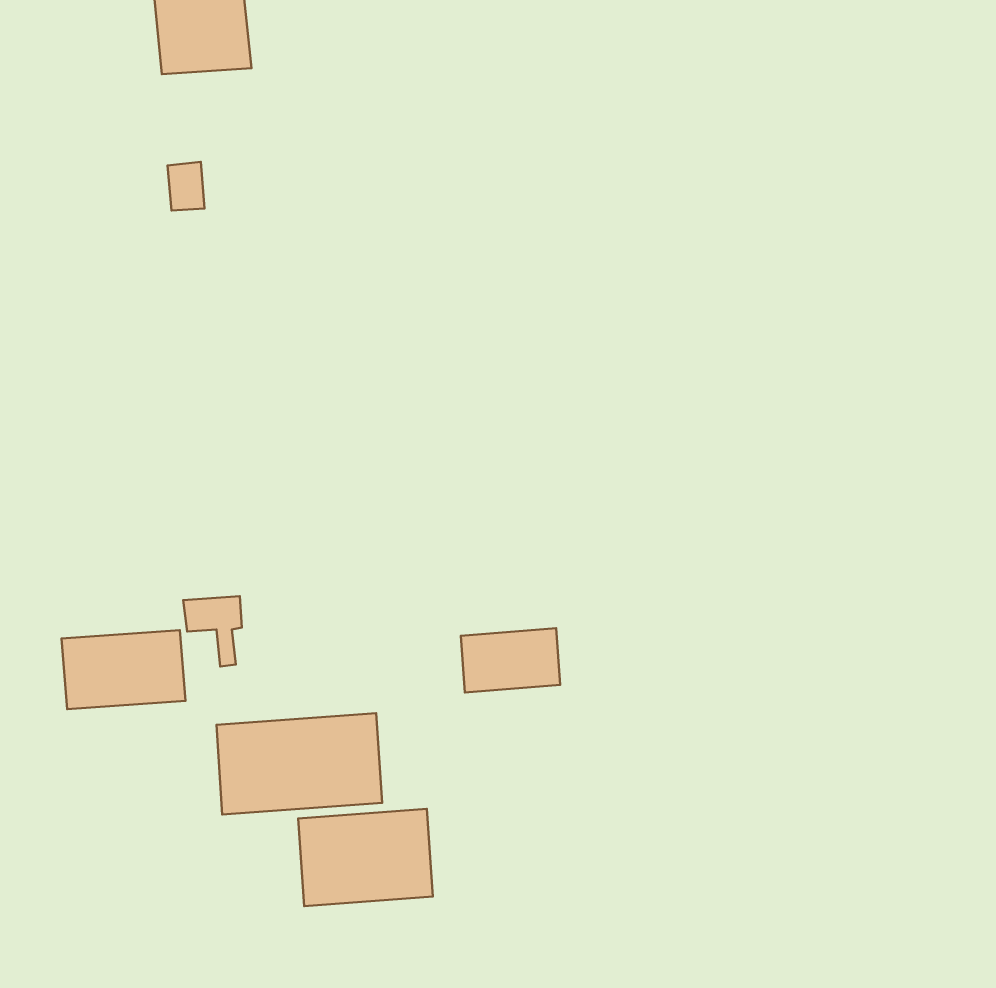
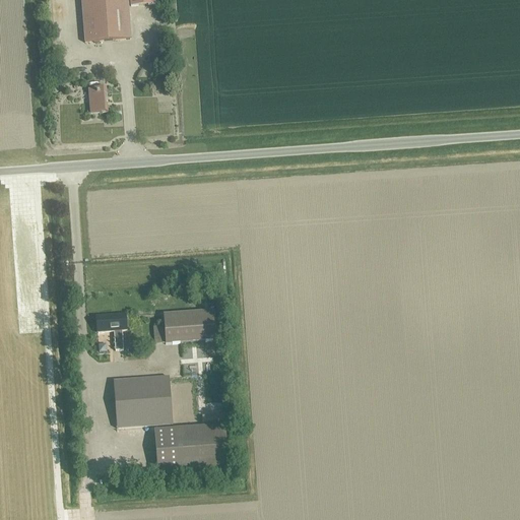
building: [461,628,560,692] -> [164,308,215,341]
building: [62,630,186,709] -> none

